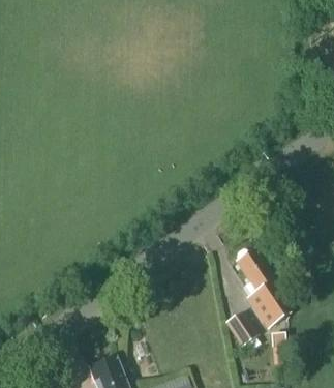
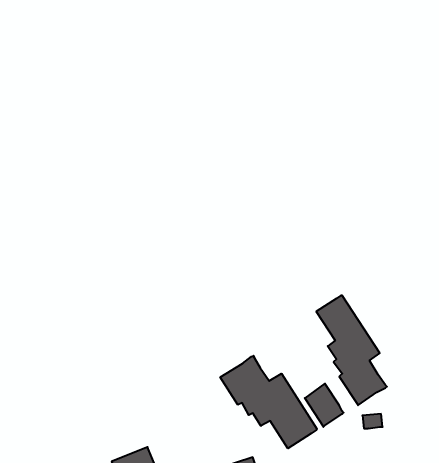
building: none -> [220,356,317,448]

